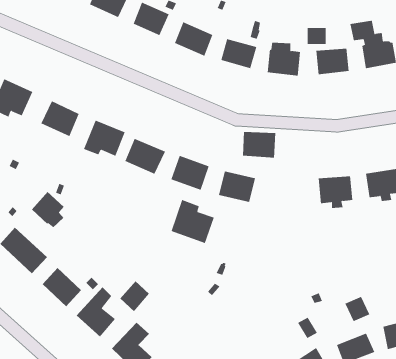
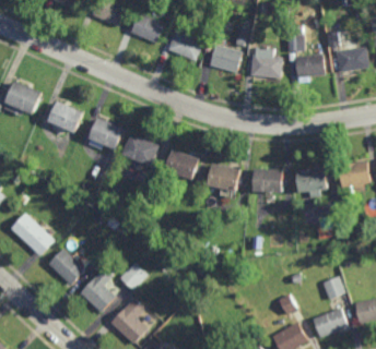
building: [242,131,276,158] -> [252,169,283,193]
building: [31,191,65,228] -> none
building: [171,199,215,244] -> none

